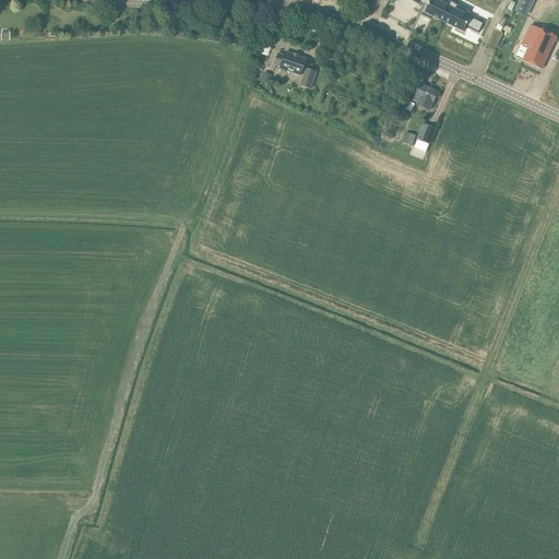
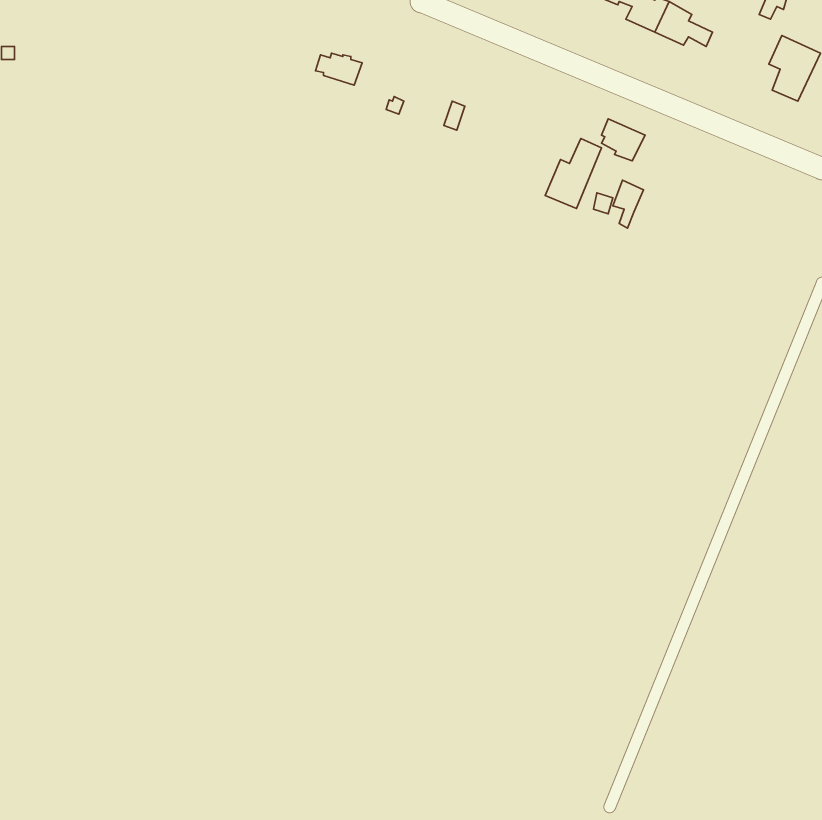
building: [275,52,307,74] -> [316,53,362,85]
building: none -> [545,139,601,208]

